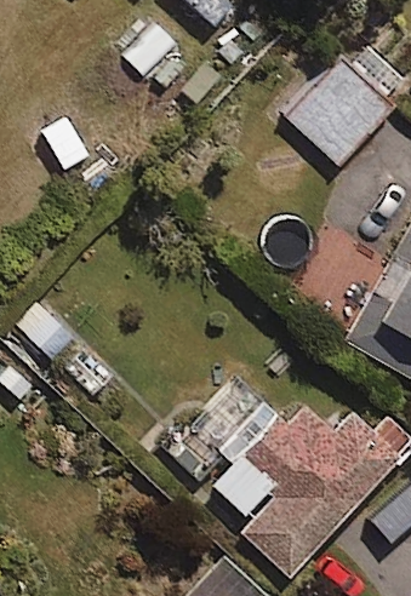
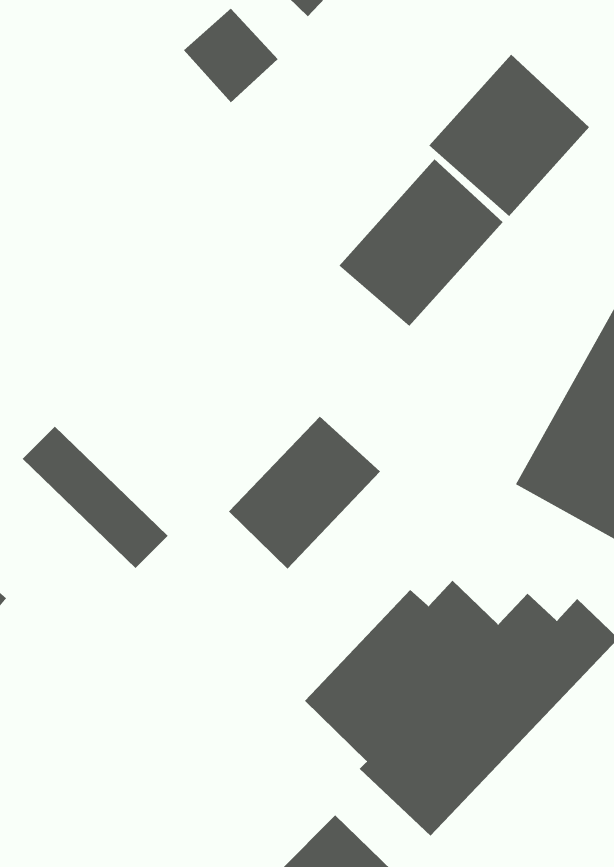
building: none -> [338,159,504,327]
building: none -> [228,416,381,569]

